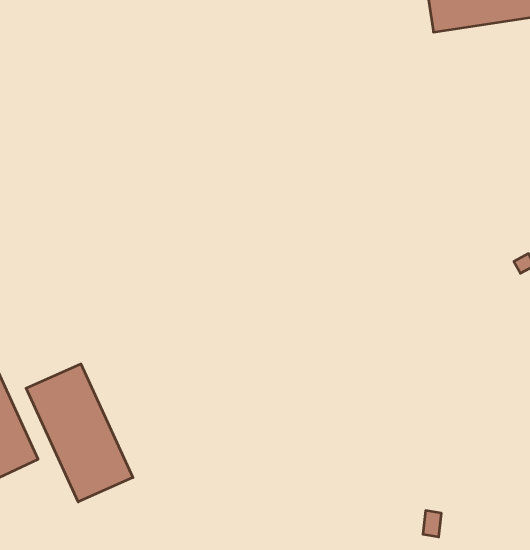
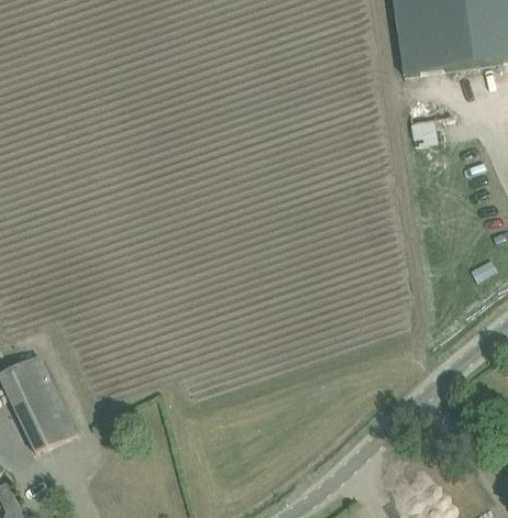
building: [26,364,133,502] -> none

